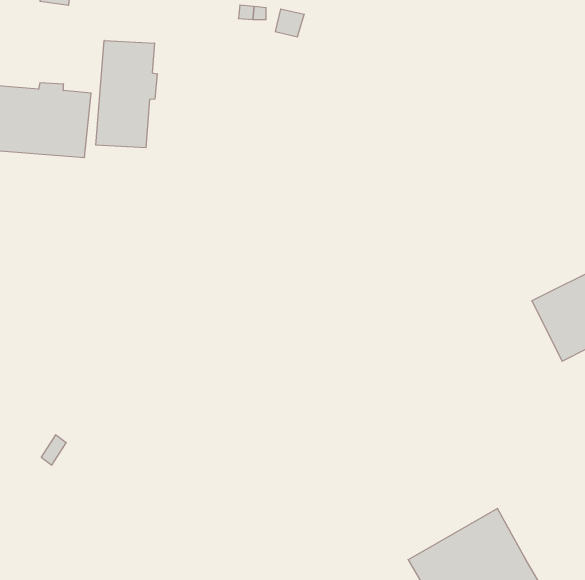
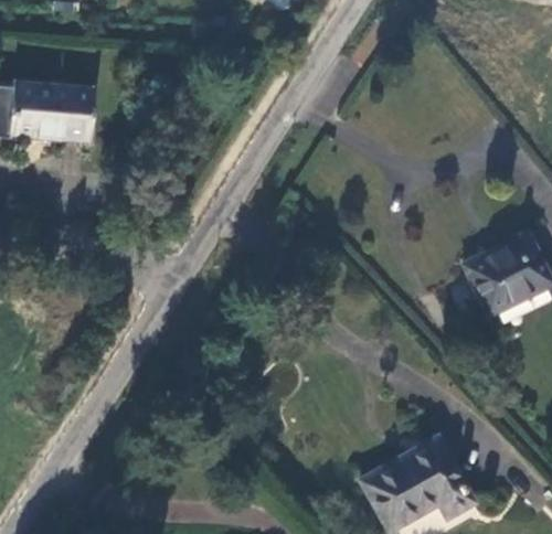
building: [96,40,157,148] -> none

